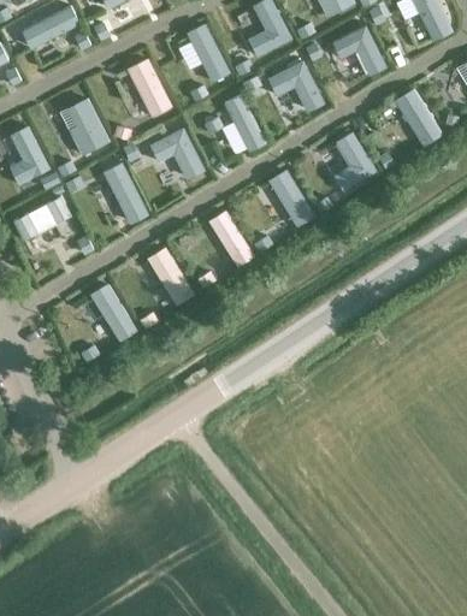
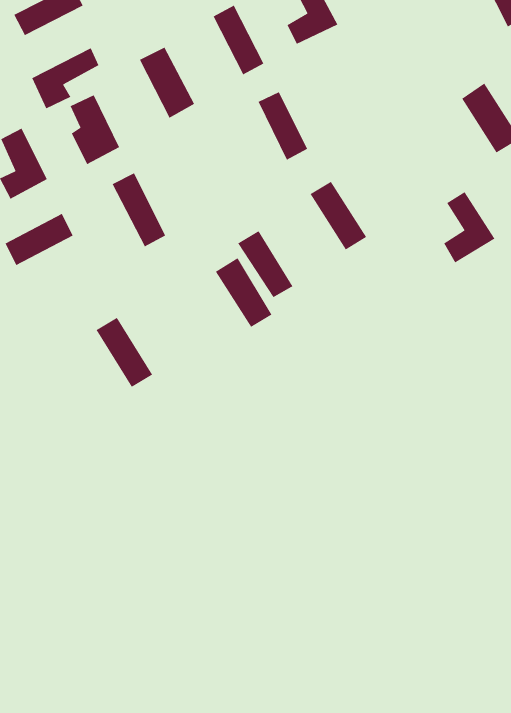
building: [332,25,386,76] -> none
building: none -> [31,47,100,110]
building: [267,61,324,112] -> none
building: [149,128,205,180] -> none
building: [333,132,377,192] -> [443,191,495,263]
building: [146,247,194,306] -> [215,257,273,328]

